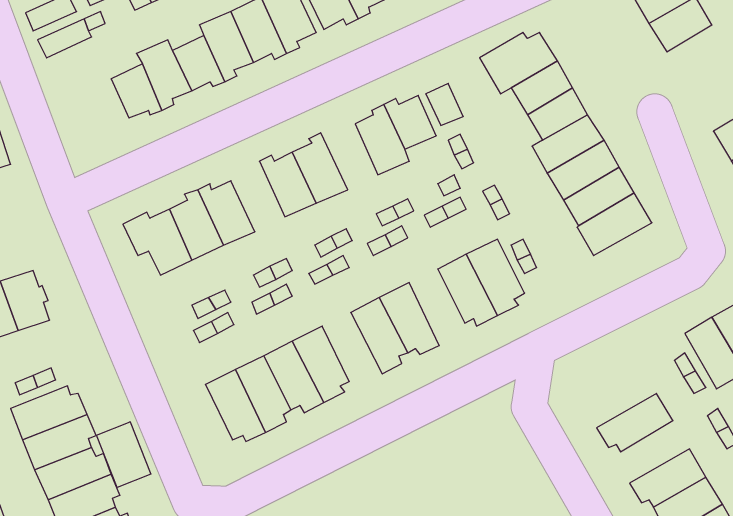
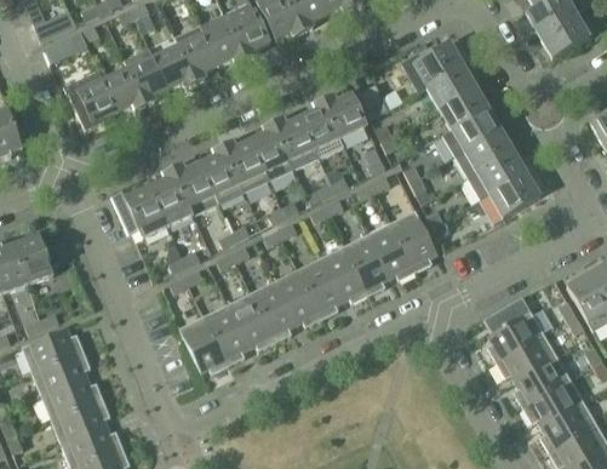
building: none -> [64,72,118,132]
building: none -> [273,116,319,170]
building: none -> [200,147,244,204]
building: none -> [344,234,389,296]
building: none -> [274,269,322,327]
building: none -> [483,296,544,362]
building: none -> [514,356,571,407]
building: [96,422,151,488] -> none

